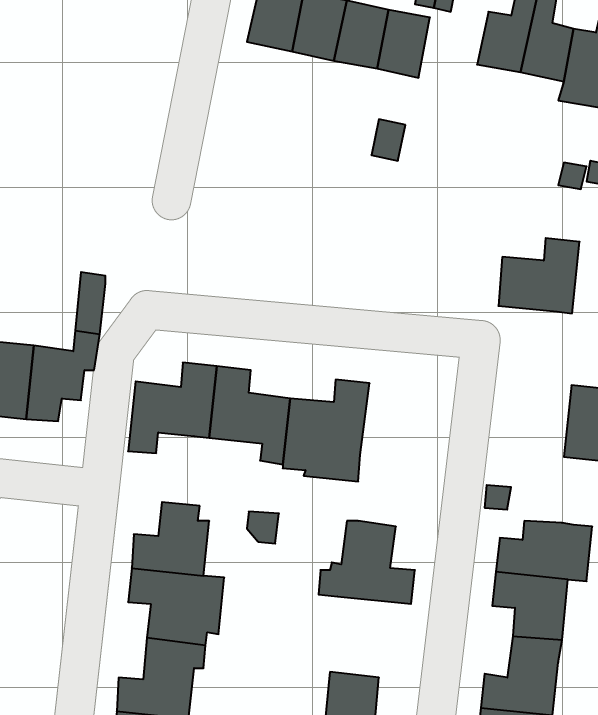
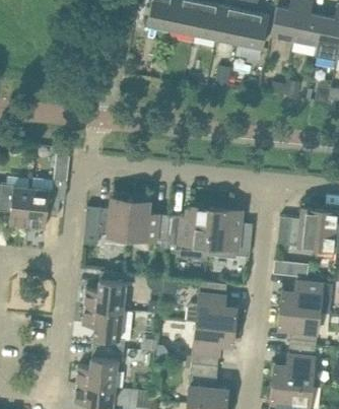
building: none -> [239,11,269,49]
building: [498,238,580,313] -> [277,207,321,248]
building: none -> [207,208,252,258]
building: none -> [191,323,234,366]

